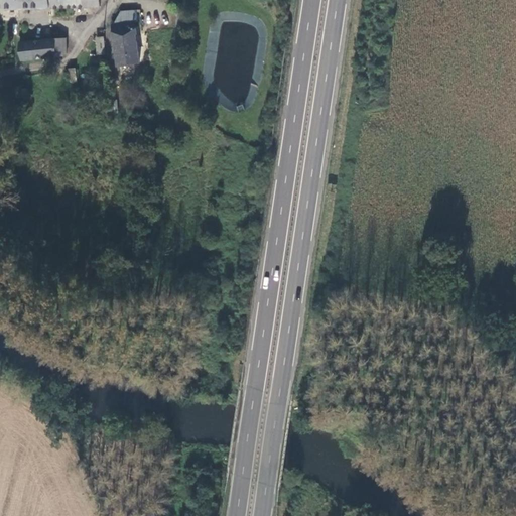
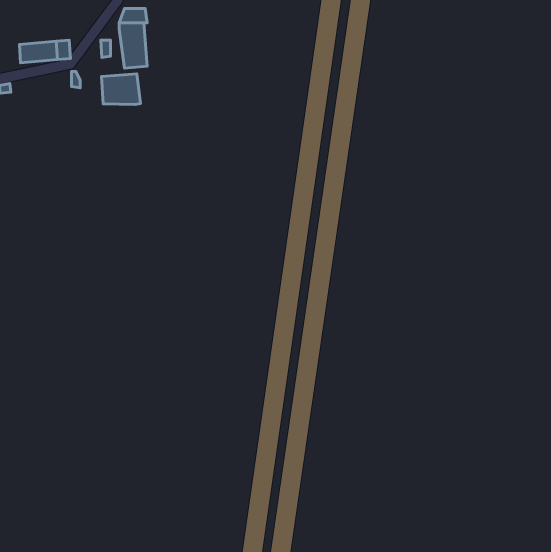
building: none -> [101,74,141,104]

